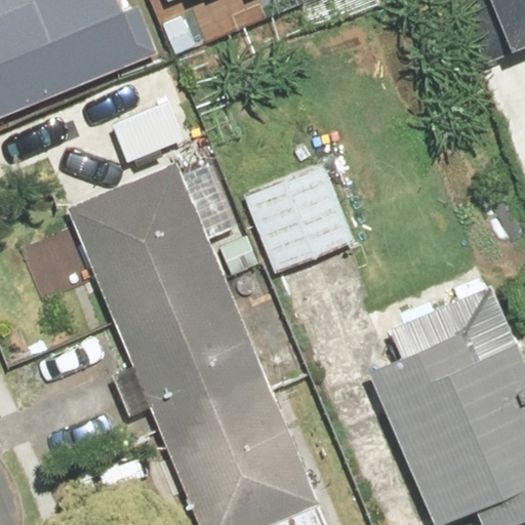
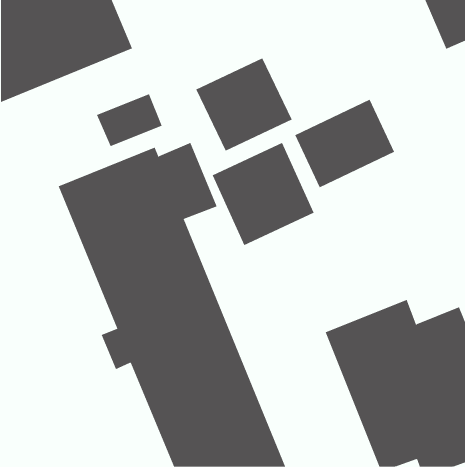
building: none -> [195,58,293,151]
building: none -> [294,99,395,188]

